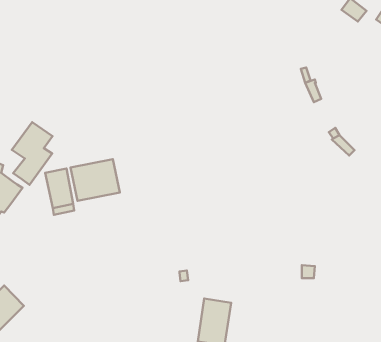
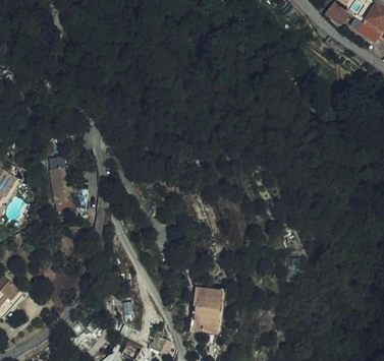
building: [12,122,53,185] -> none
building: [70,159,120,201] -> none

